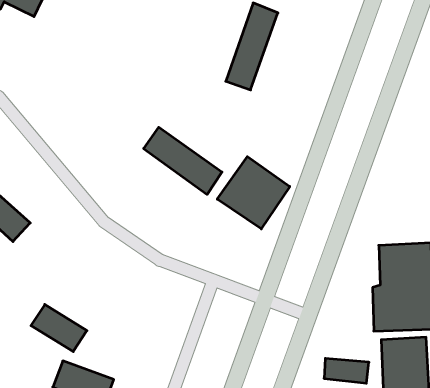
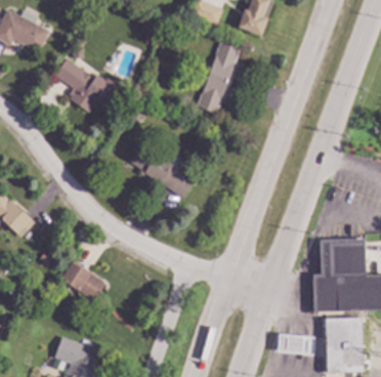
building: none -> [55,58,115,116]
building: [217,157,290,229] -> none
building: [31,304,87,352] -> [60,262,107,301]

